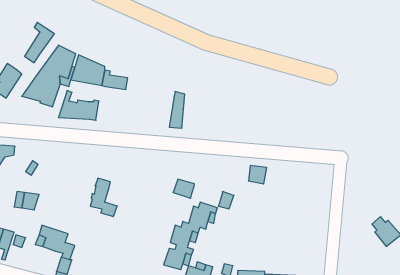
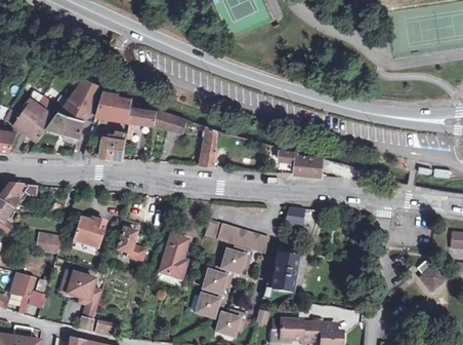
building: [25,22,54,63] -> [28,99,59,142]
building: none -> [155,110,186,133]
building: none -> [280,151,323,177]
building: none -> [74,218,104,247]
building: none -> [223,227,257,250]
building: none -> [160,235,187,278]
building: none -> [262,245,298,299]

